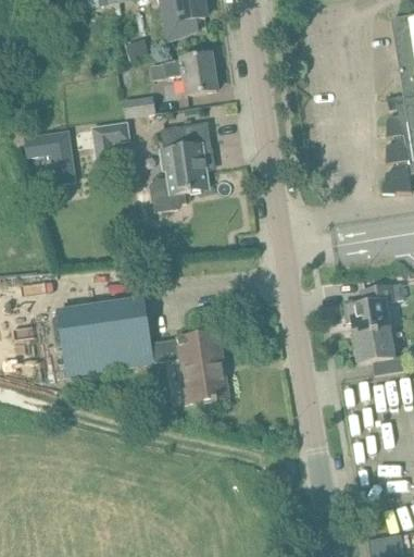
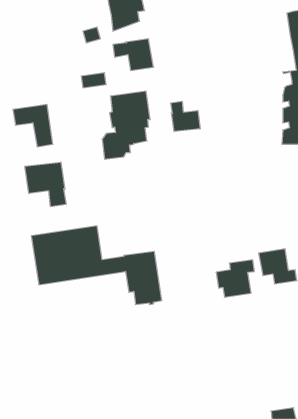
building: [92,122,129,144] -> none
building: none -> [171,101,200,132]
building: none -> [25,162,66,207]
building: [343,284,393,333] -> [216,260,254,297]

